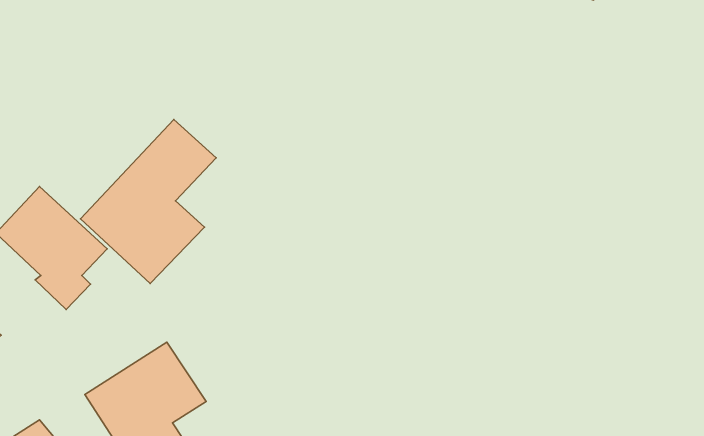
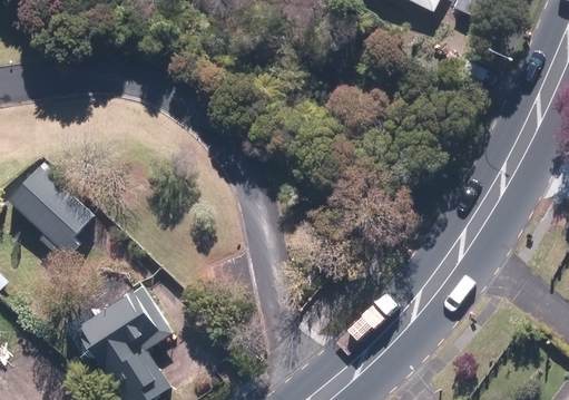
building: [80,120,216,283] -> none

